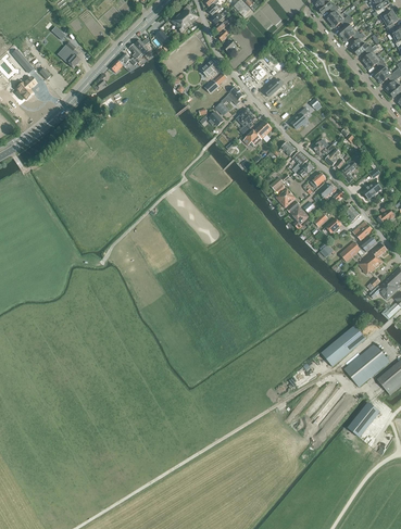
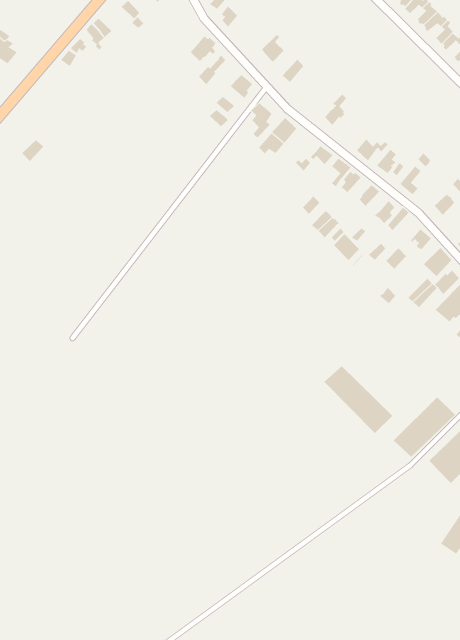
building: none -> [323,366,393,434]

